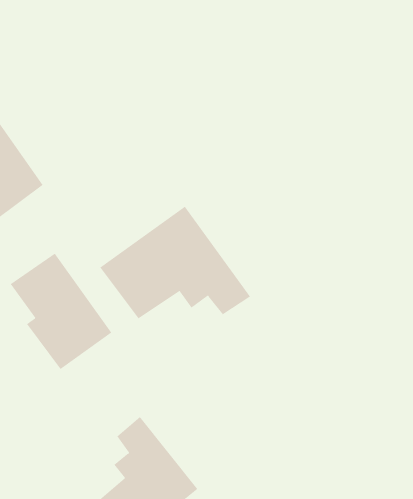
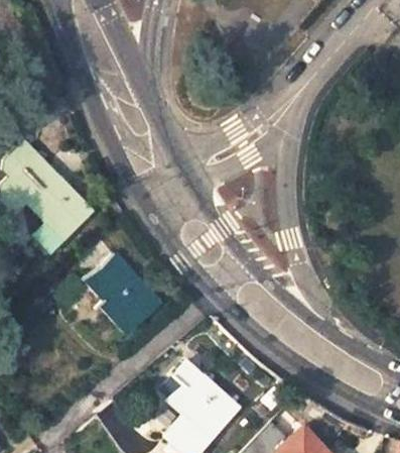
building: [99,206,251,319] -> none

